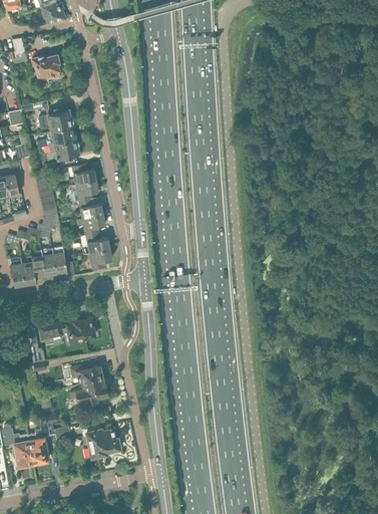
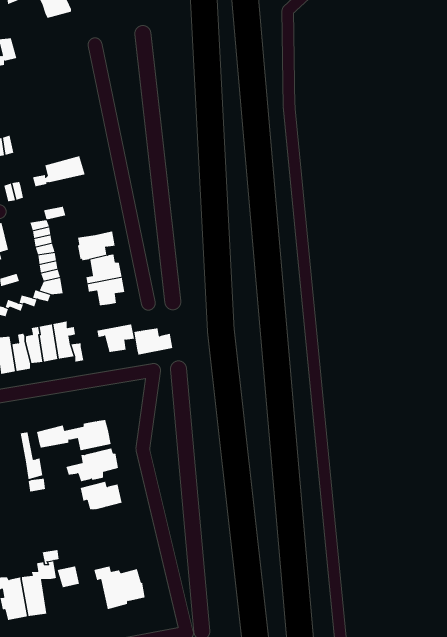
building: [30,54,60,81] -> none
building: [38,107,72,133] -> none
building: [47,140,78,162] -> none
building: [68,165,95,186] -> none
building: [80,234,109,254] -> [134,328,173,355]
building: [68,380,107,406] -> [65,448,119,482]

